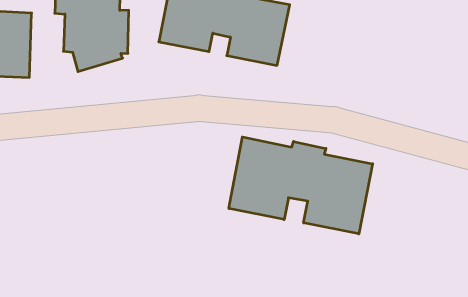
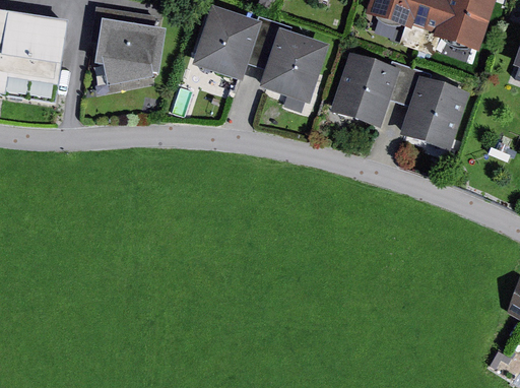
building: none -> [331,52,467,150]
building: [229,137,373,234] -> none

